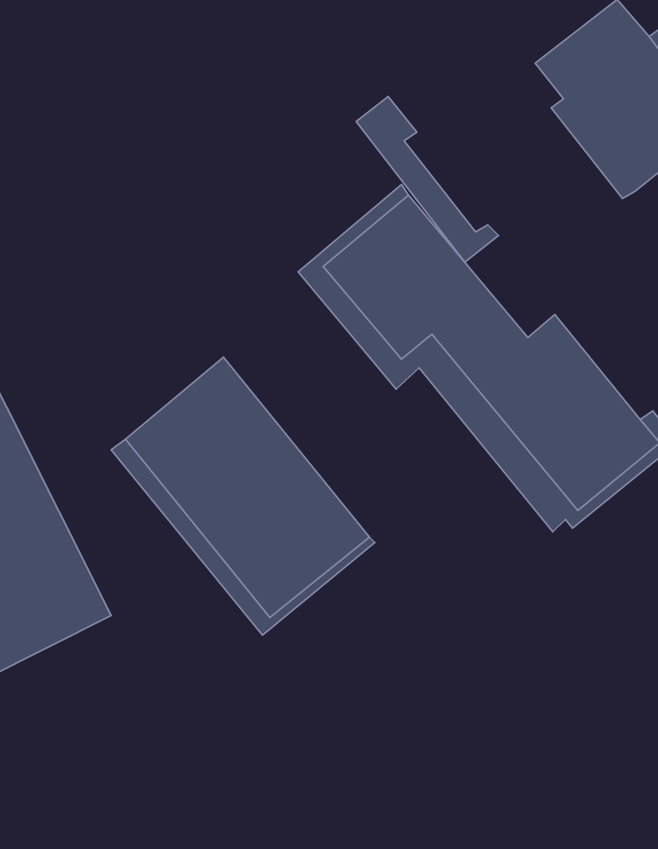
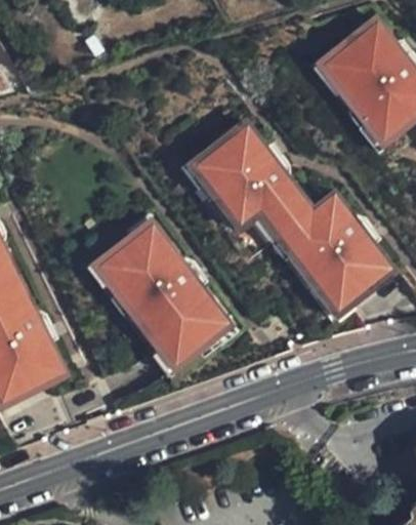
building: [356,96,499,262] -> [306,49,388,145]

